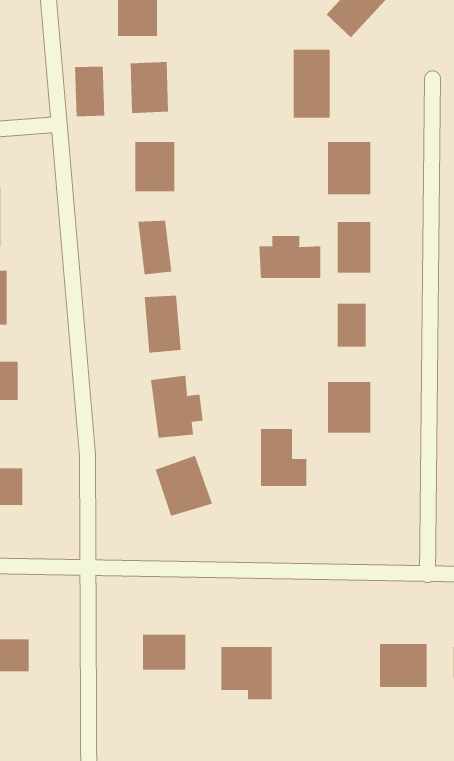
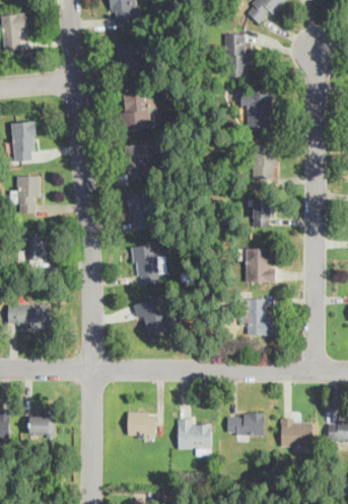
building: [75,66,105,117] -> none
building: [259,235,321,279] -> none
building: [260,429,307,487] -> [243,300,274,337]
building: none -> [227,415,264,435]

